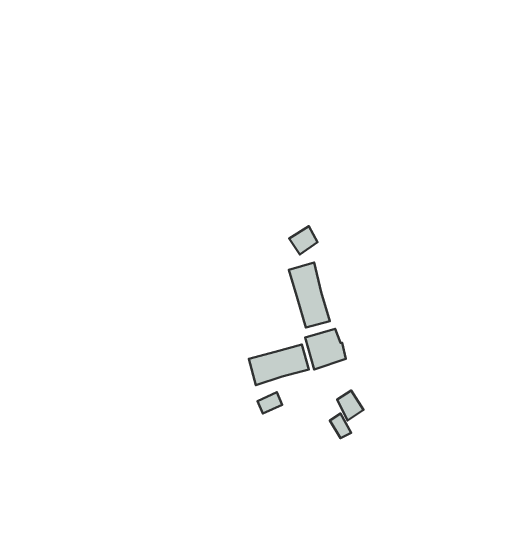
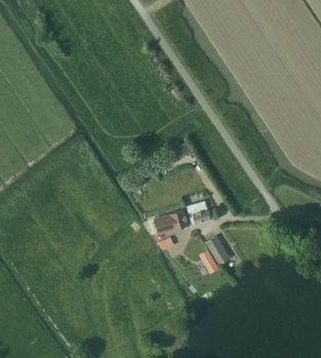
building: [289,262,330,328] -> none

